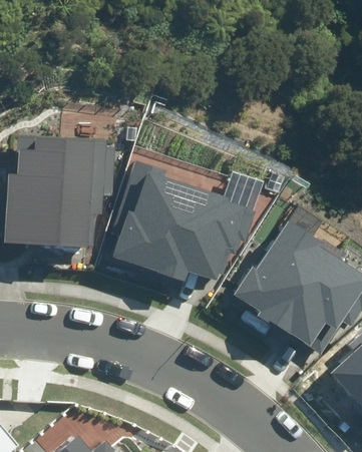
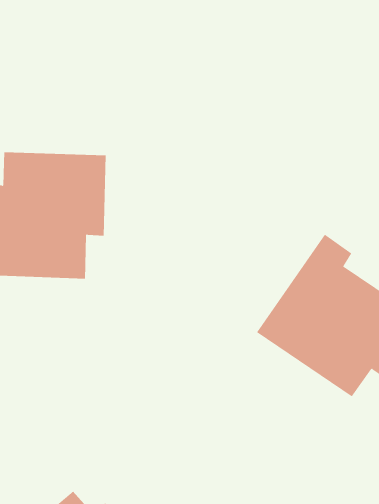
building: [112,167,262,281] -> none

